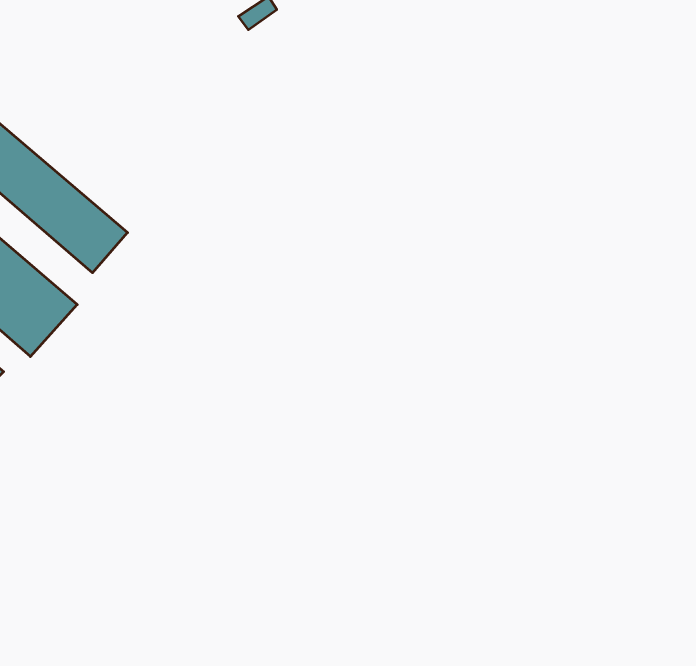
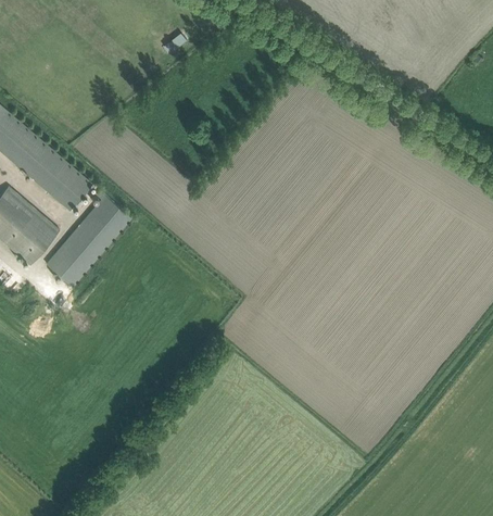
building: none -> [46,190,131,286]

